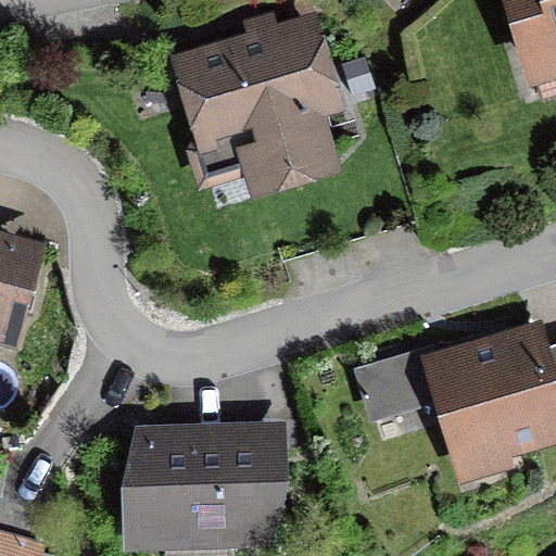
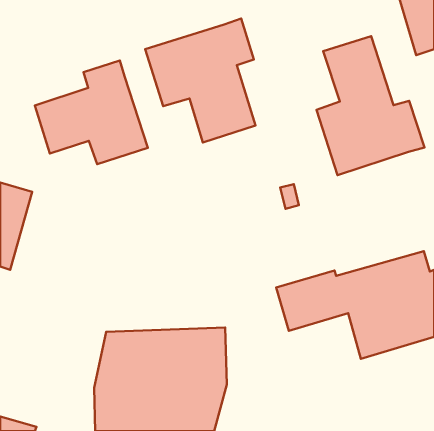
building: none -> [316,36,424,175]
building: none -> [35,60,148,164]

